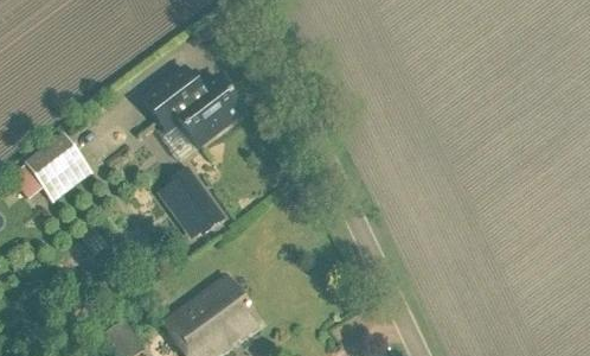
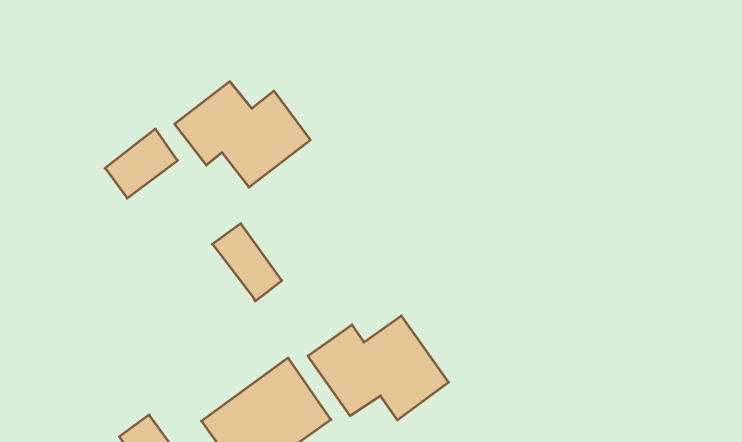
building: [27,136,82,189] -> [105,129,178,198]
building: none -> [308,316,449,420]

